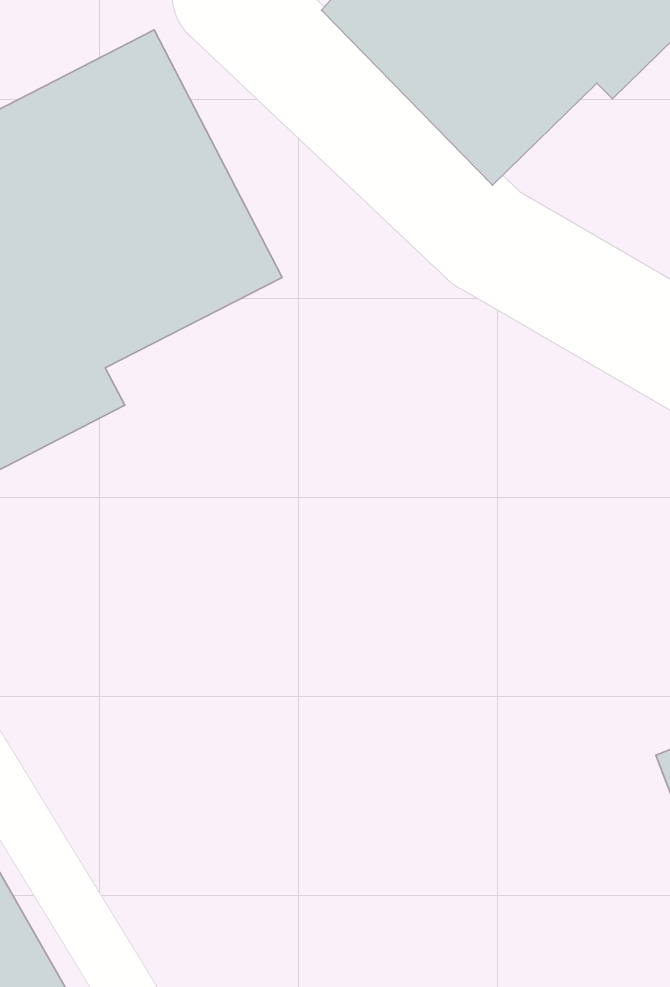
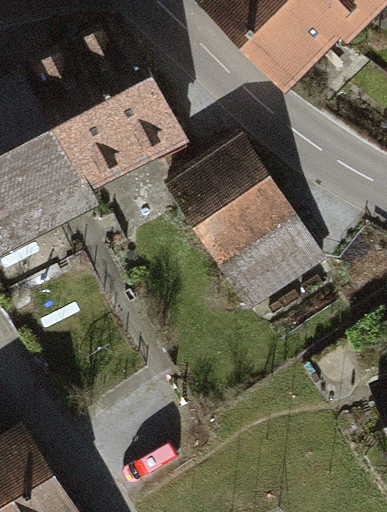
building: none -> [168,139,328,317]

